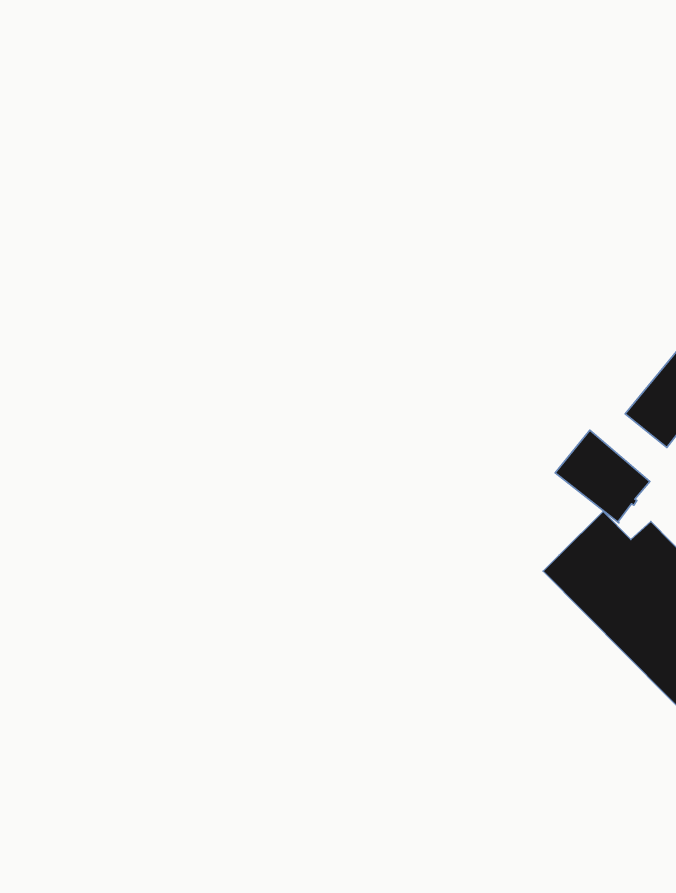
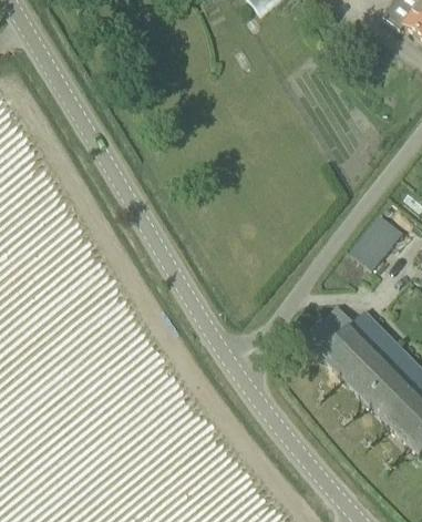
building: [555,430,650,523] -> none

